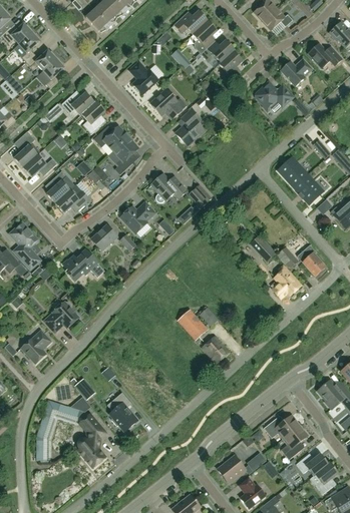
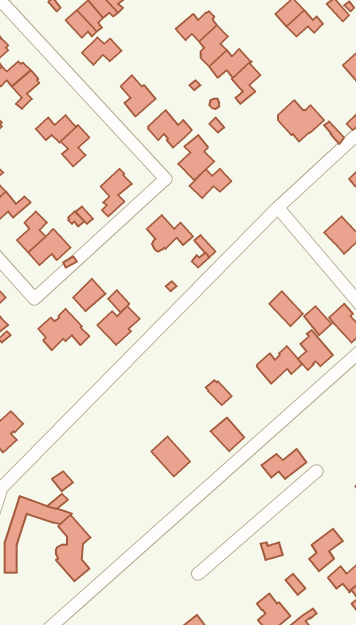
building: none -> [82,37,122,65]
building: [280,58,312,86] -> none
building: [93,126,128,150] -> none
building: none -> [189,169,231,198]
building: [277,157,307,187] -> none
building: [120,202,154,233] -> [97,306,140,345]
building: none -> [257,346,302,384]
building: [44,302,78,333] -> none
building: [177,309,208,341] -> [151,436,190,476]
building: [106,392,137,431] -> none
building: [264,414,300,438] -> [261,449,306,479]
building: [217,453,266,483] -> none

